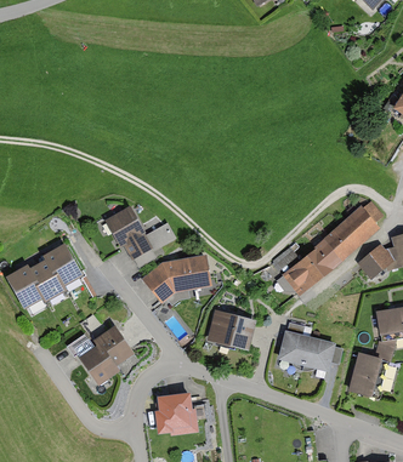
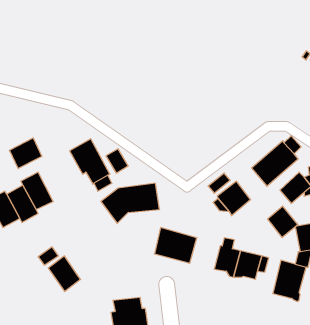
building: none -> [10,138,42,169]
building: [305,239,341,276] -> [268,206,298,237]
building: [95,326,135,367] -> none

